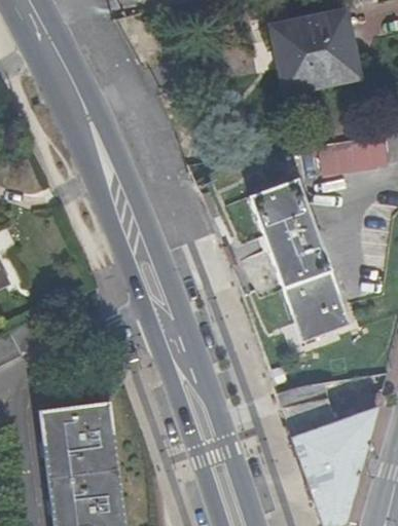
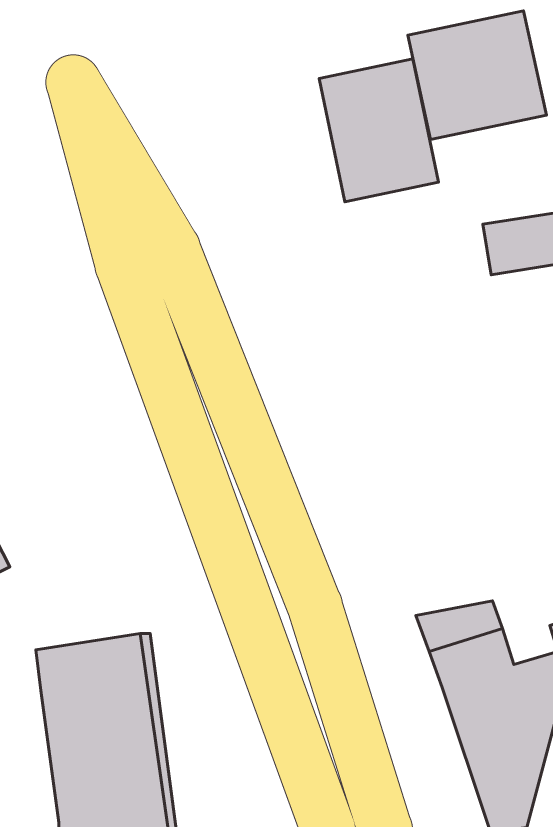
building: none -> [319,59,438,202]
building: [250,179,351,341] -> none

